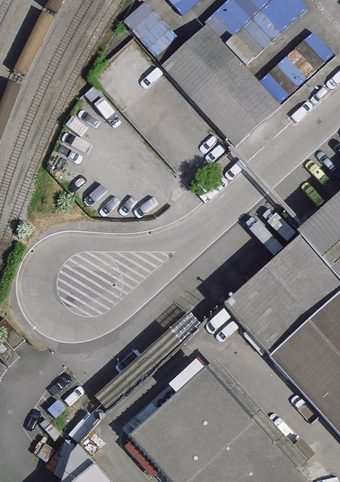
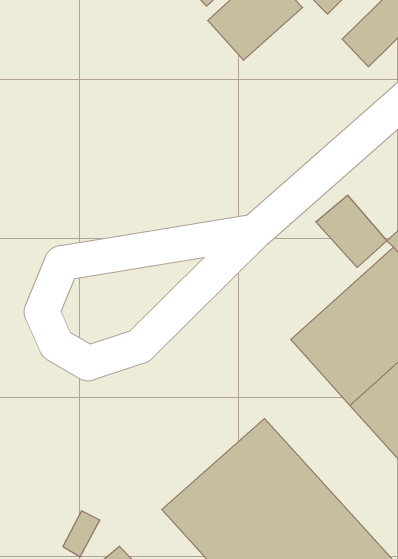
building: [188,54,280,145] -> none
building: none -> [316,195,387,267]

